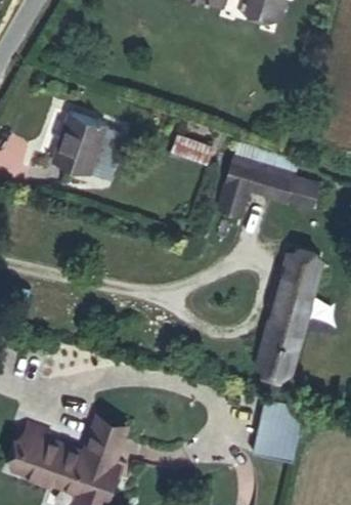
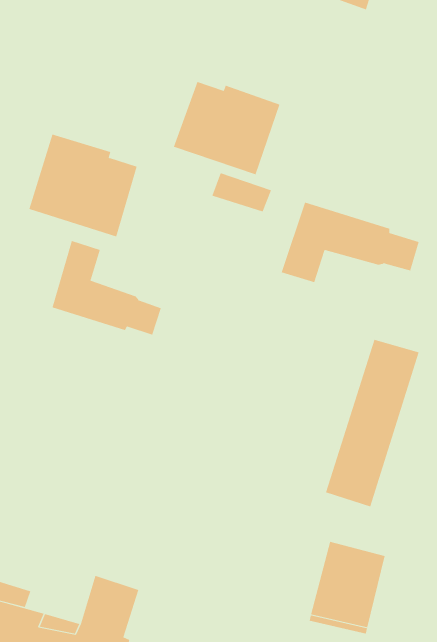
building: none -> [173,81,280,175]
building: none -> [52,240,161,335]

